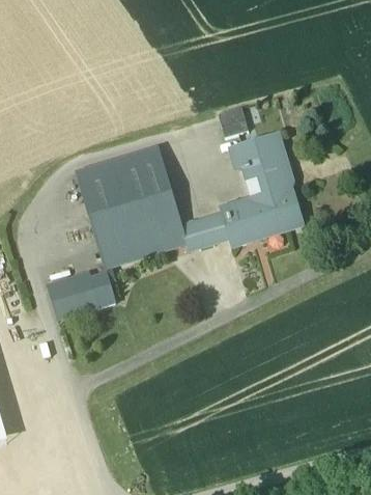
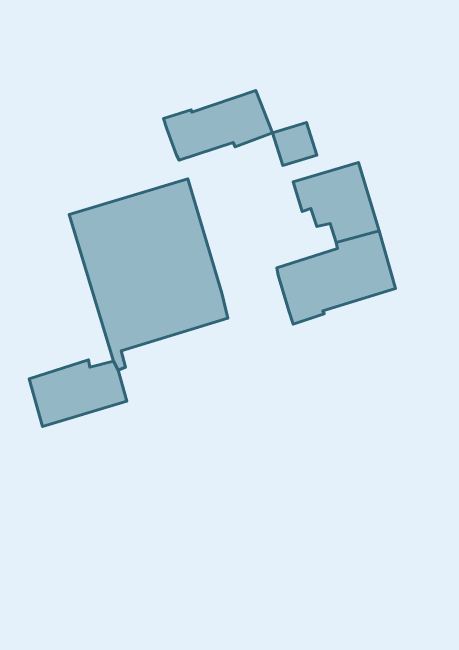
building: none -> [163,90,272,160]
building: [182,213,229,250] -> none

